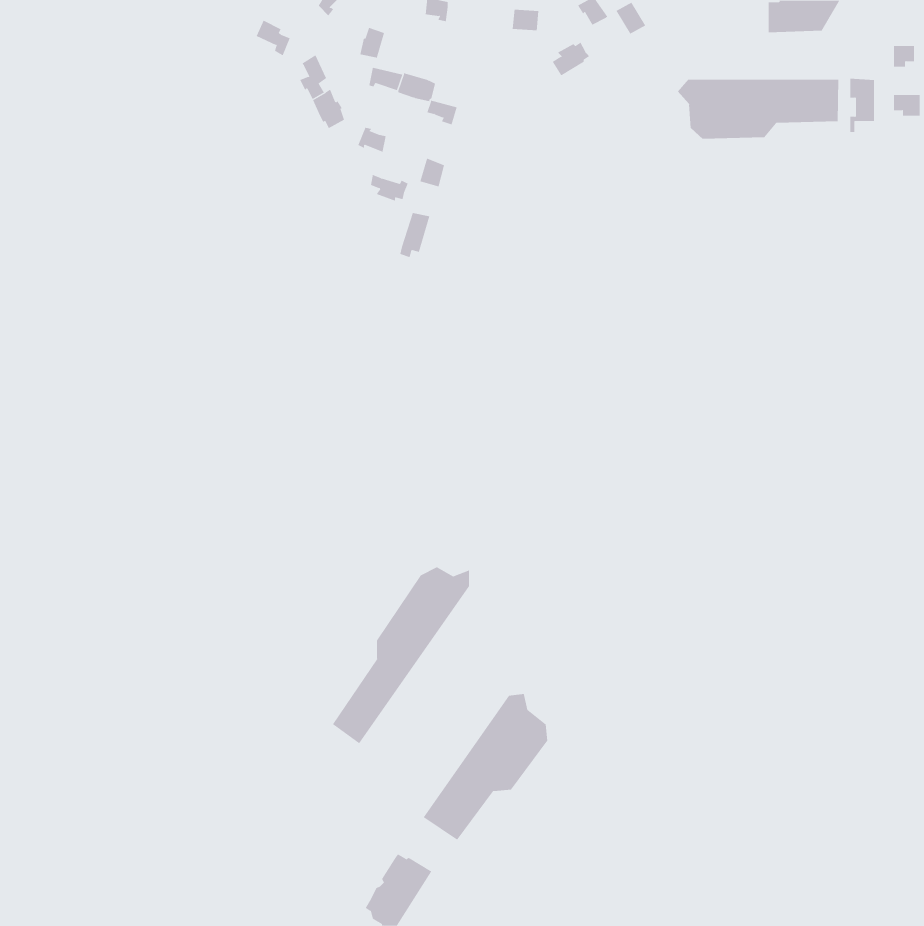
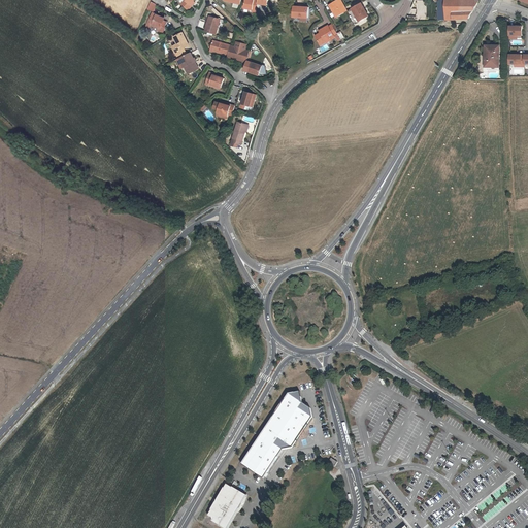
building: [677,79,839,140] -> none
building: [332,567,470,744] -> none

